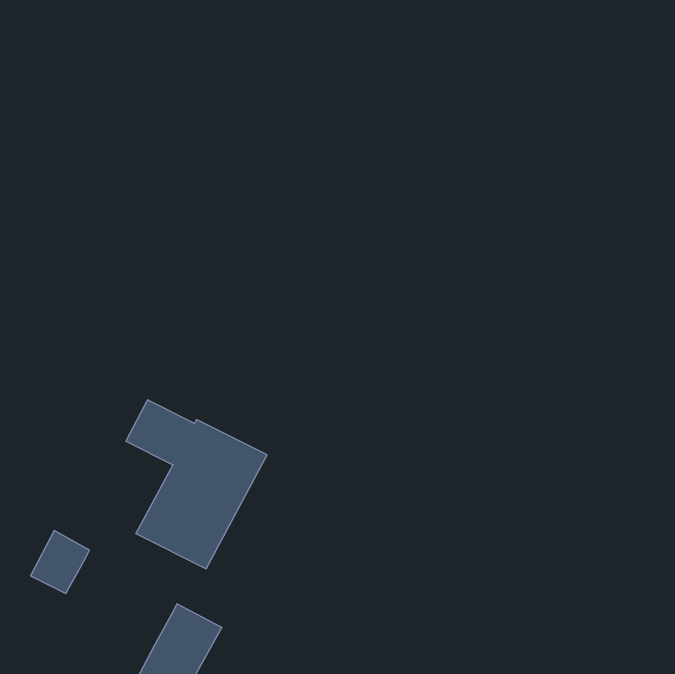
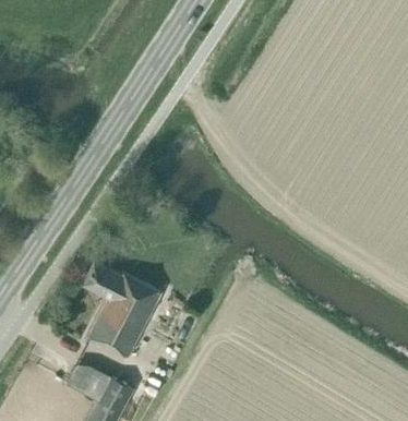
building: [31,531,89,593] -> [77,365,110,400]

